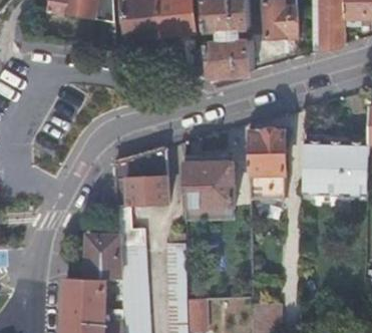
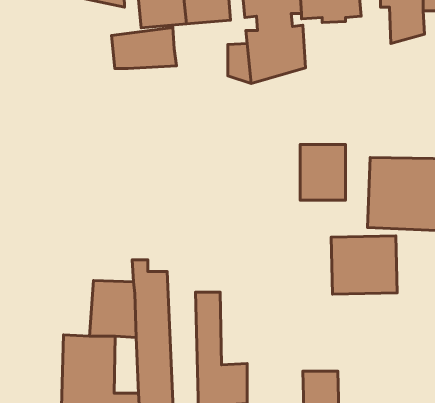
building: none -> [111,28,177,69]
building: [115,146,168,204] -> none
building: [183,160,235,206] -> [331,236,397,294]

